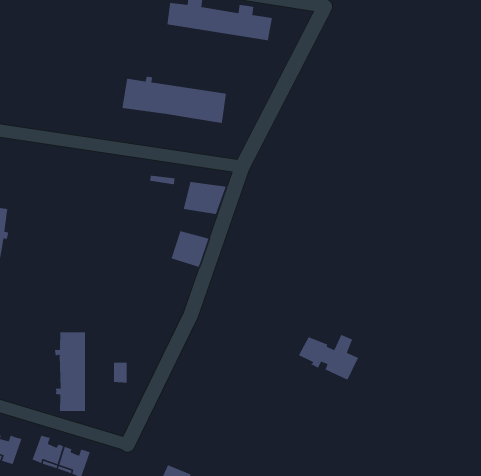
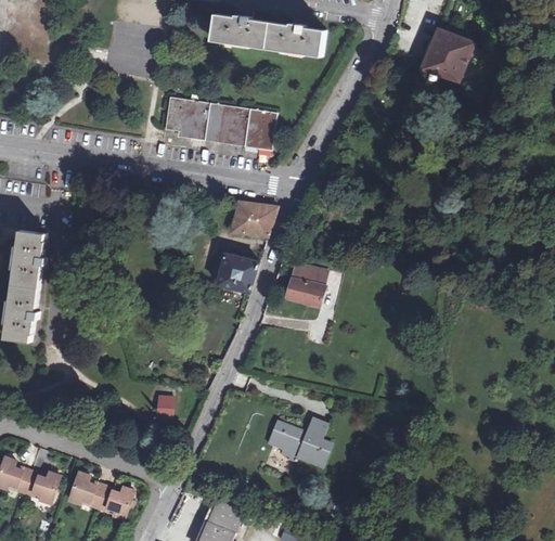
building: none -> [422,31,472,83]
building: none -> [286,265,328,308]
building: [54,332,86,412] -> none
building: [298,334,359,381] -> [266,422,331,472]

